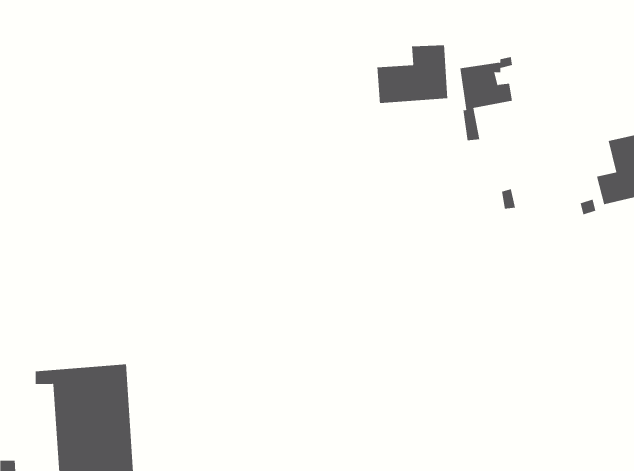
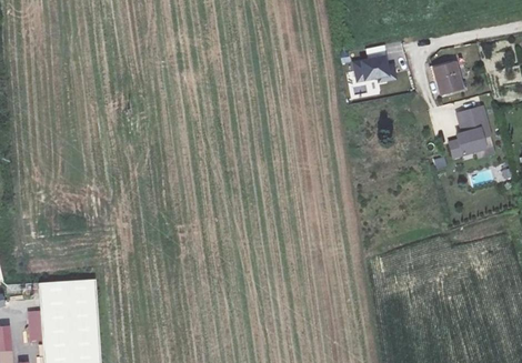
building: [377,44,448,104] -> none
building: none -> [432,62,462,94]

